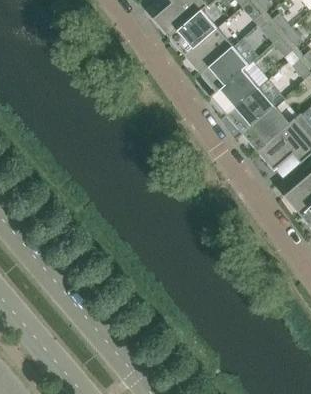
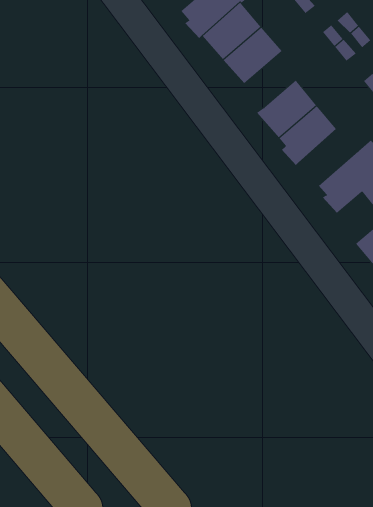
building: [203,46,248,89] -> none
building: [244,105,289,148] -> none

